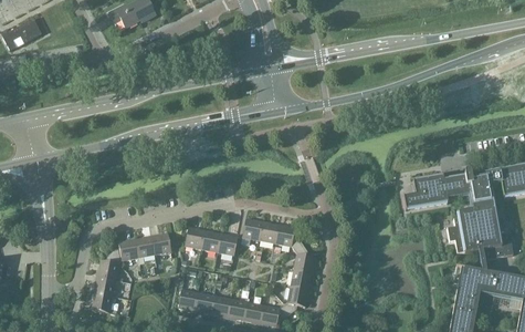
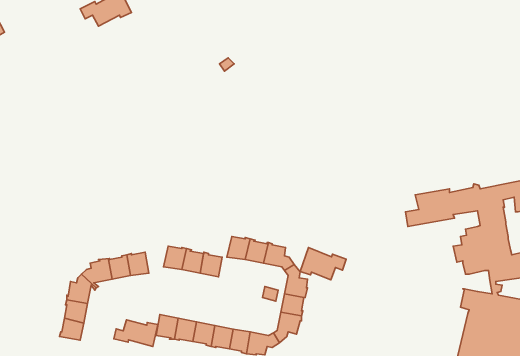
building: none -> [300,247,346,280]
building: none -> [114,320,158,346]

